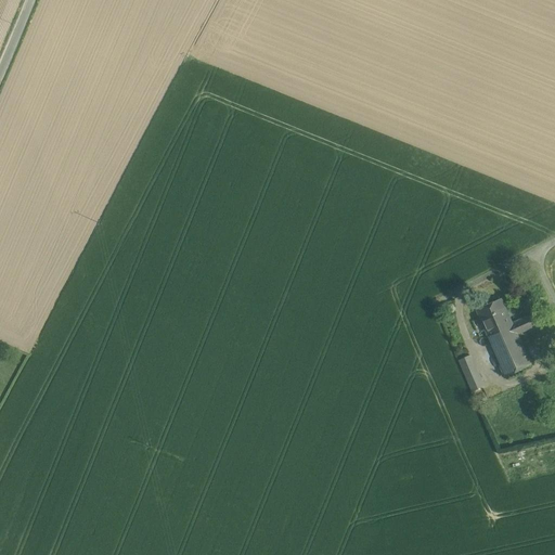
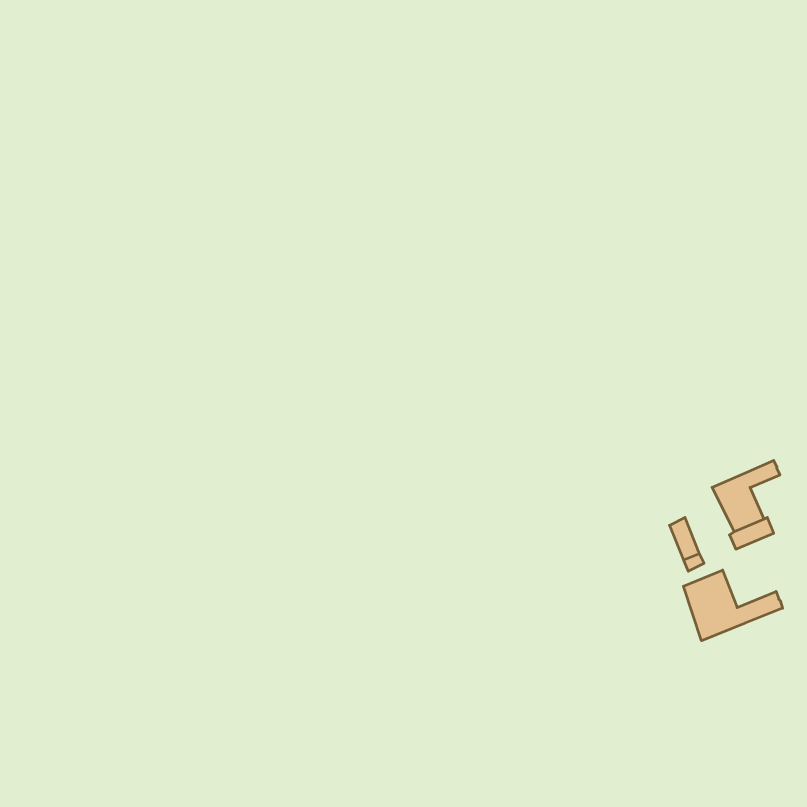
building: [477,300,511,335] -> none
building: none -> [683,570,783,641]

